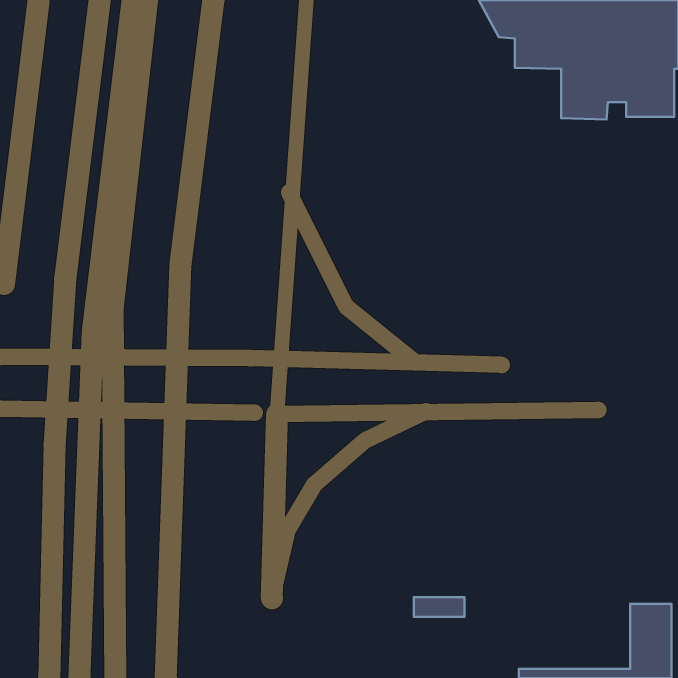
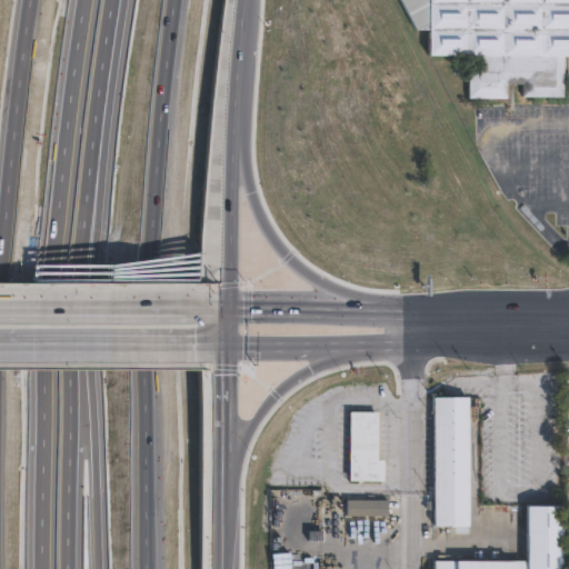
building: none -> [435,395,470,530]
building: none -> [350,410,386,480]

